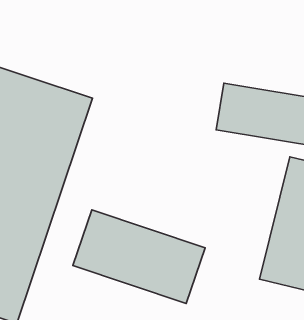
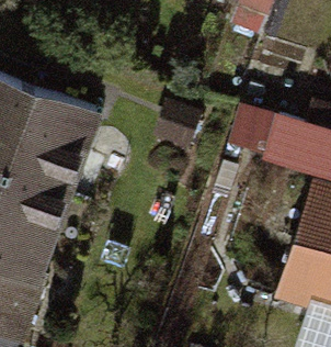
building: [73,210,205,303] -> none

